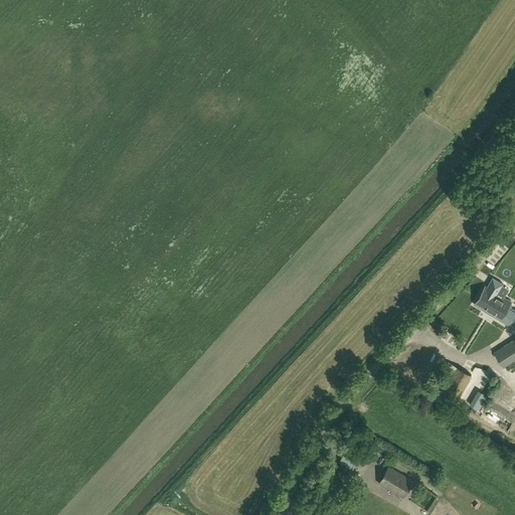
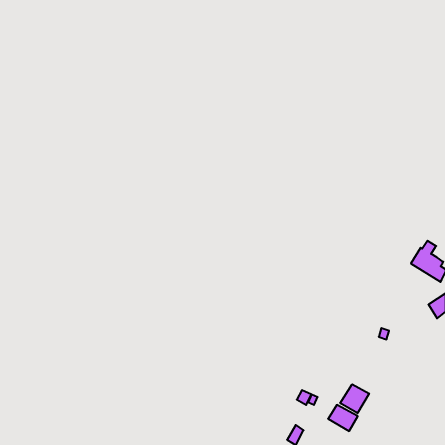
building: none -> [340,384,369,413]

